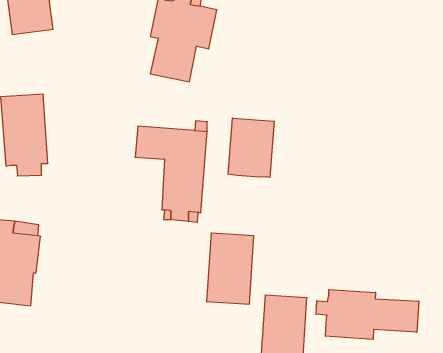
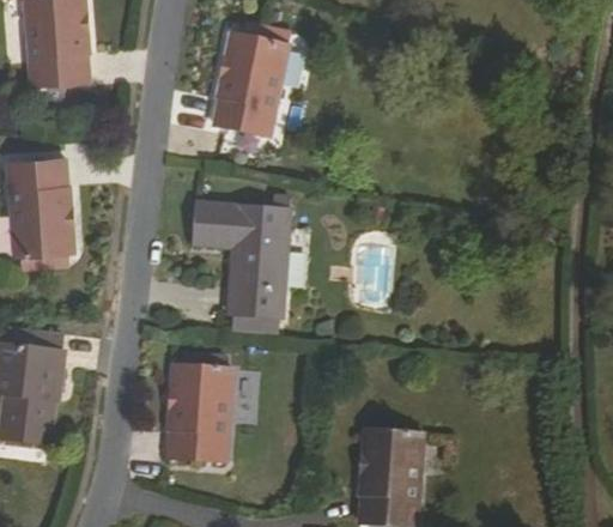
building: [228,118,274,177] -> none
building: [207,233,254,304] -> [169,367,232,462]
building: [316,290,419,339] -> none

